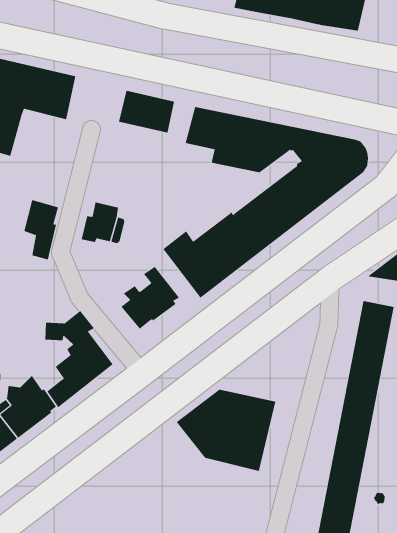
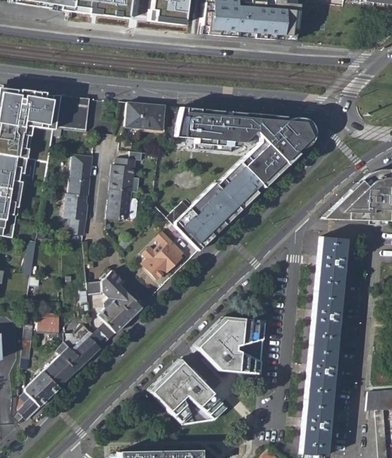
building: none -> [69,153,94,195]
building: none -> [110,150,144,191]
building: none -> [147,357,226,423]

